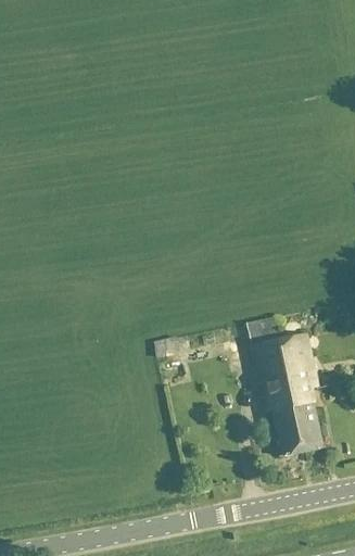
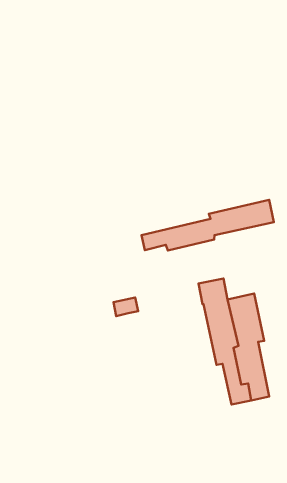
building: none -> [142,200,274,250]

